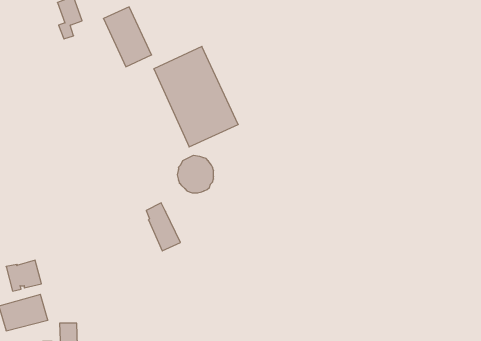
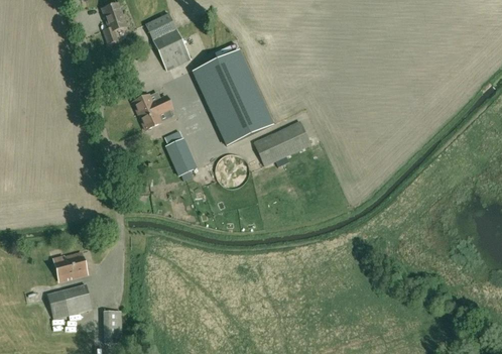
building: none -> [132,94,171,128]
building: none -> [254,120,310,164]
building: [146,203,180,251] -> [164,129,197,174]

